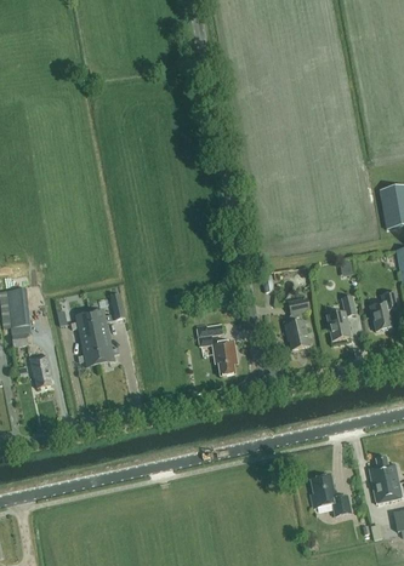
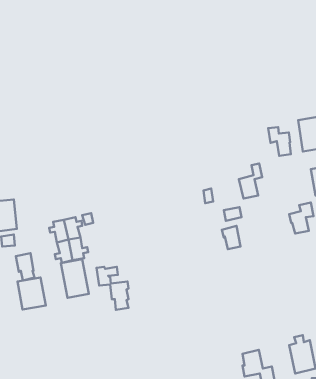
building: none -> [268,127,291,156]
building: [326,296,355,339] -> [239,163,262,199]
building: [195,322,235,376] -> [96,267,129,310]
building: none -> [61,259,89,298]
building: none -> [17,277,46,310]

